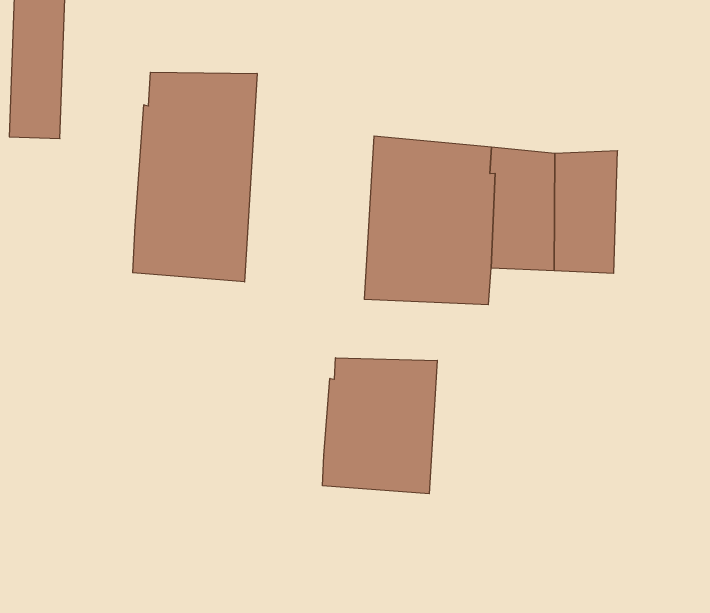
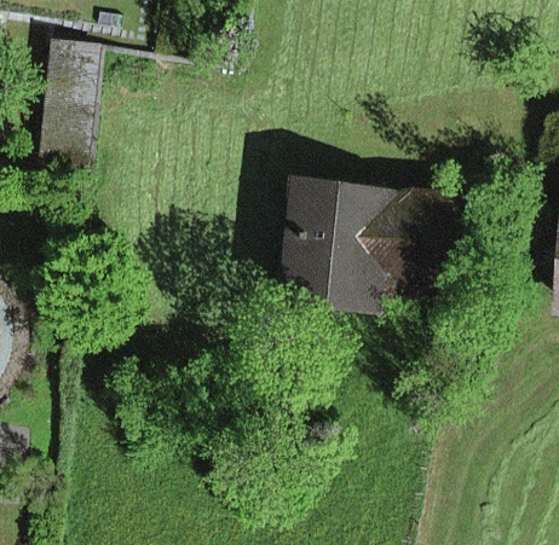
building: [133,72,257,282] -> none
building: [323,358,437,494] -> none

